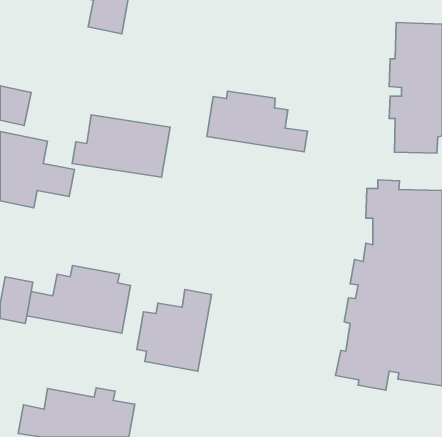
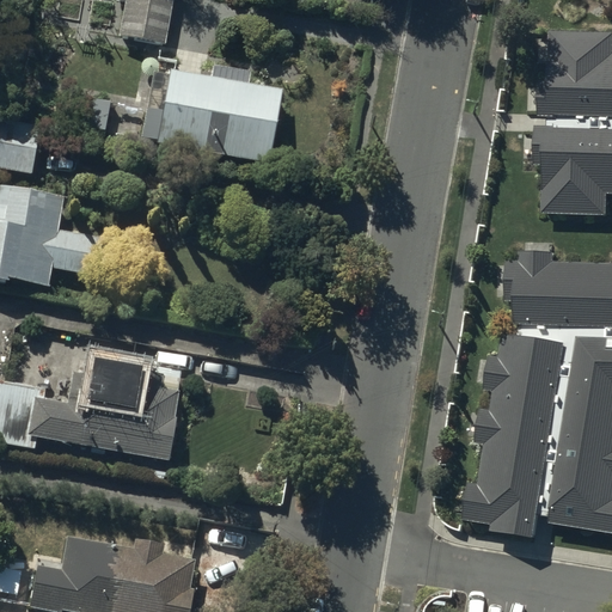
building: [207,91,308,152] -> none
building: [72,115,170,177] -> [140,71,275,157]
building: [137,290,212,371] -> none

